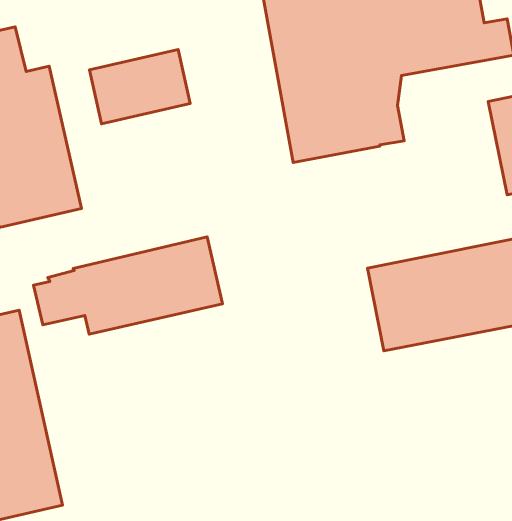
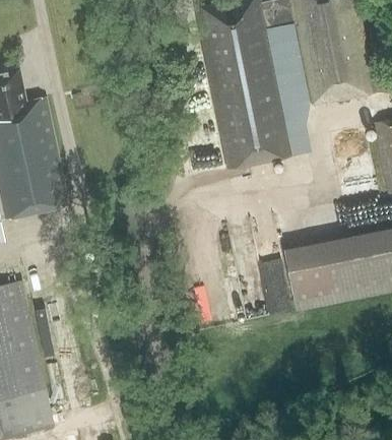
building: [89,50,190,124] -> none
building: [33,237,222,334] -> none

